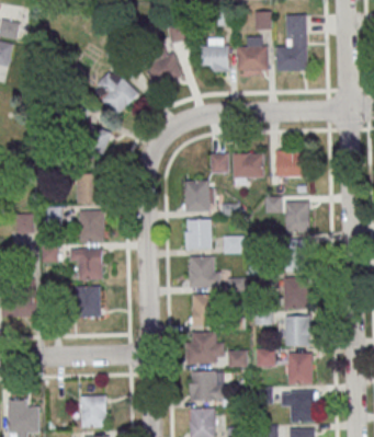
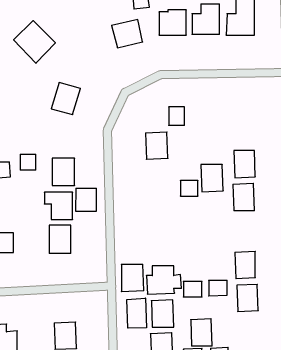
building: [92,69,139,117] -> [14,21,55,63]
building: [275,151,304,177] -> none
building: [233,152,264,177] -> none
building: [77,173,99,203] -> none
building: [188,219,213,250] -> [201,165,223,192]
building: none -> [76,188,96,211]
building: [189,256,215,287] -> none
building: [284,277,308,308] -> none
building: [192,295,217,325] -> [121,264,144,292]
building: none -> [127,298,146,328]
building: [290,390,314,421] -> [191,319,212,346]

